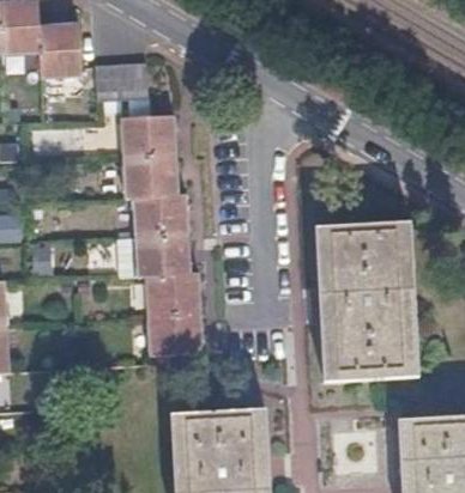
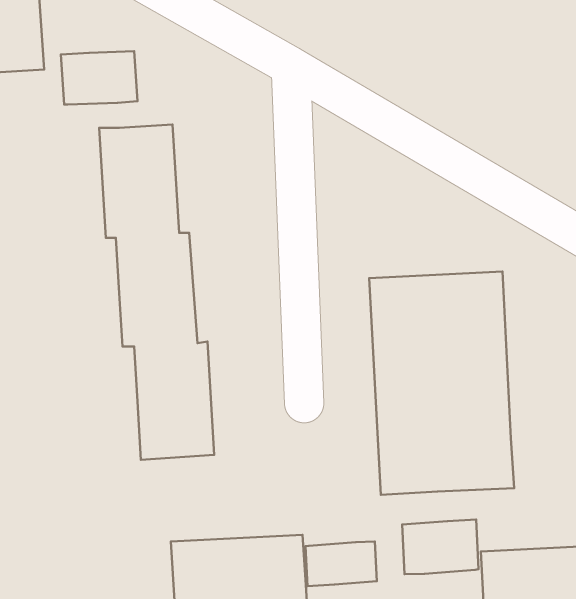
building: none -> [402,520,478,574]
building: none -> [306,541,377,586]

